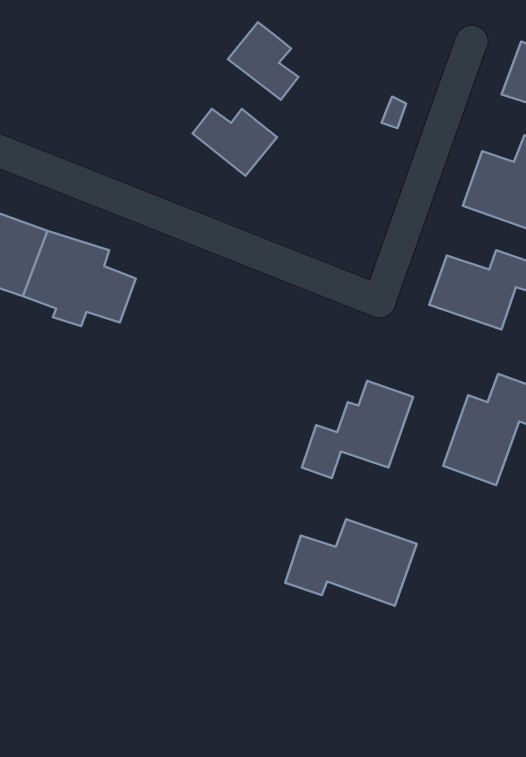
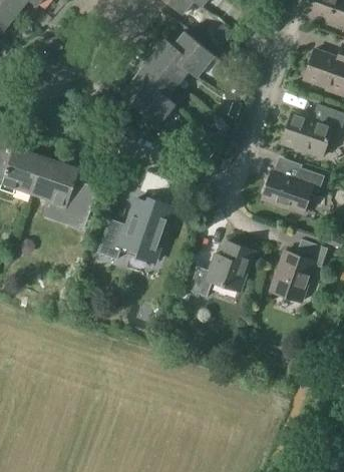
building: none -> [173,31,214,77]
building: none -> [130,60,178,97]
building: none -> [97,197,171,262]
building: [285,519,417,606] -> none

